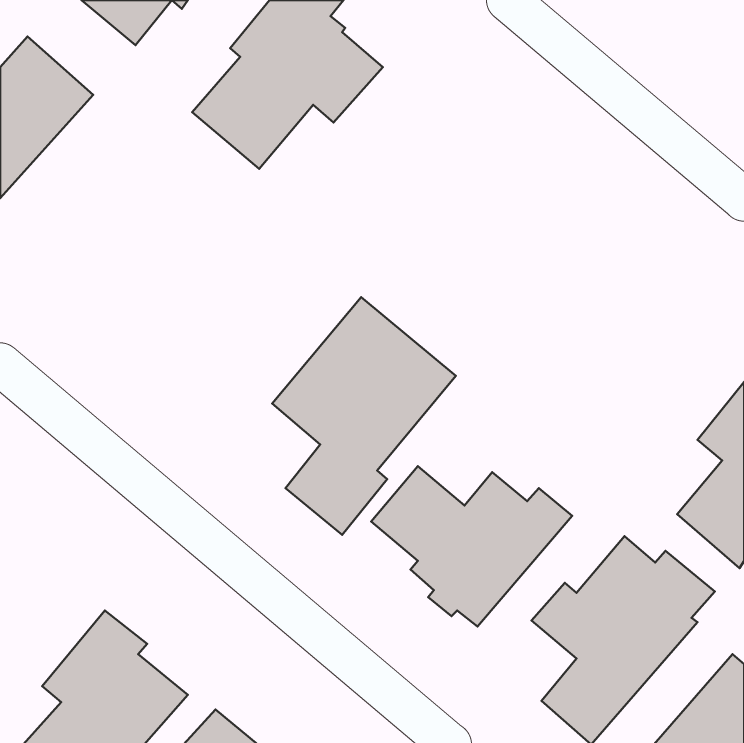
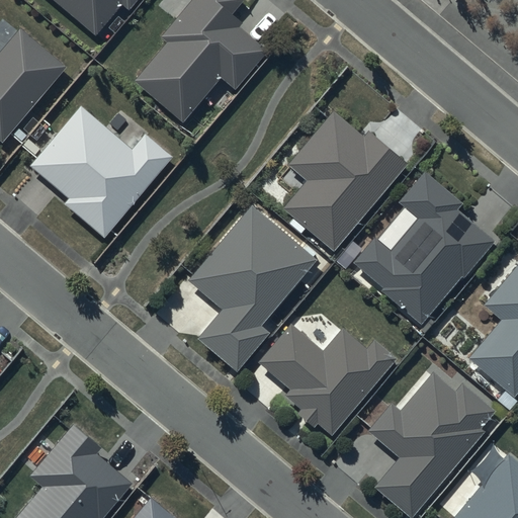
building: none -> [29,104,171,236]
building: none -> [283,112,409,252]
building: none -> [352,172,495,327]

